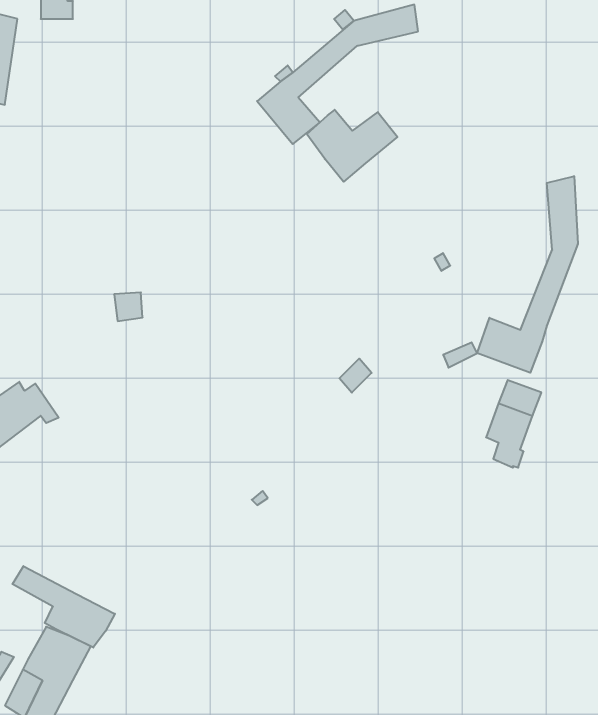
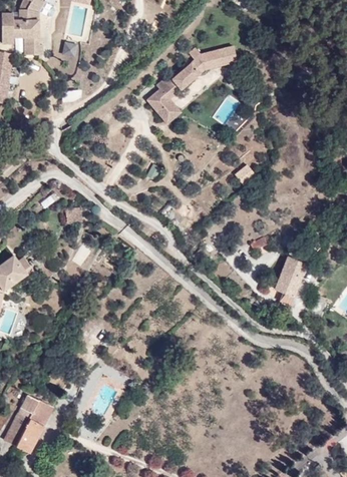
building: [307,110,397,182] -> none
building: [477,176,578,373] -> none
building: [12,566,115,648] -> none

